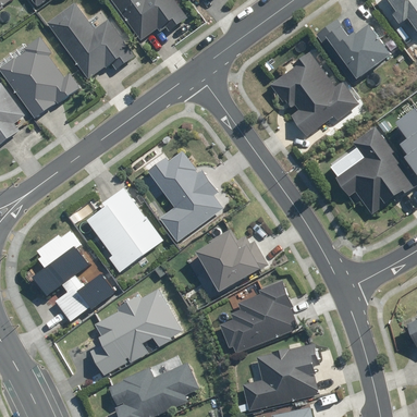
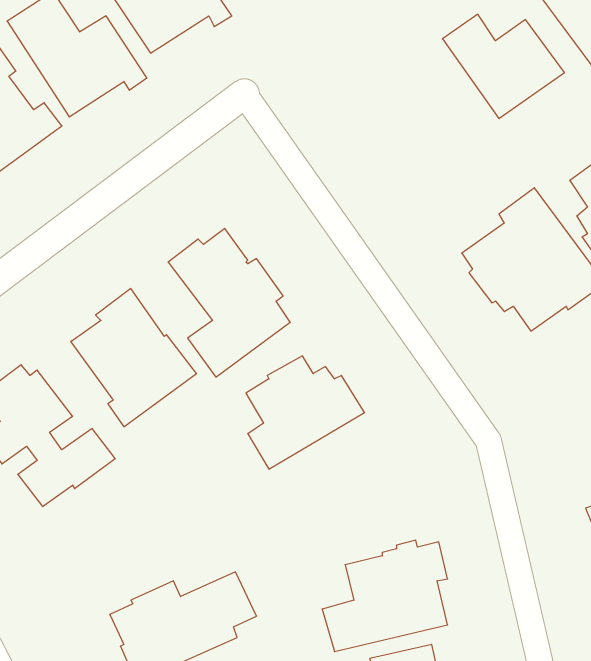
building: [272,50,358,137] -> none
building: [218,280,297,354] -> none
building: [79,287,183,377] -> none

